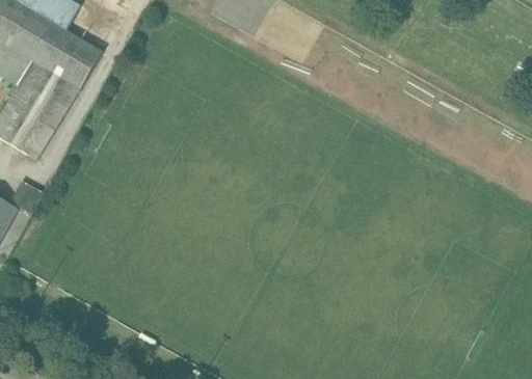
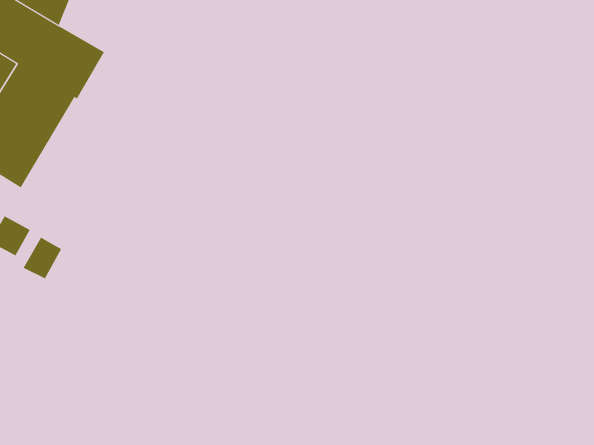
building: none -> [23,237,62,279]

